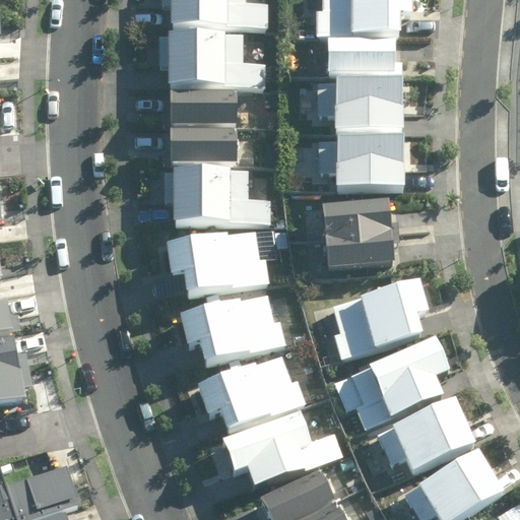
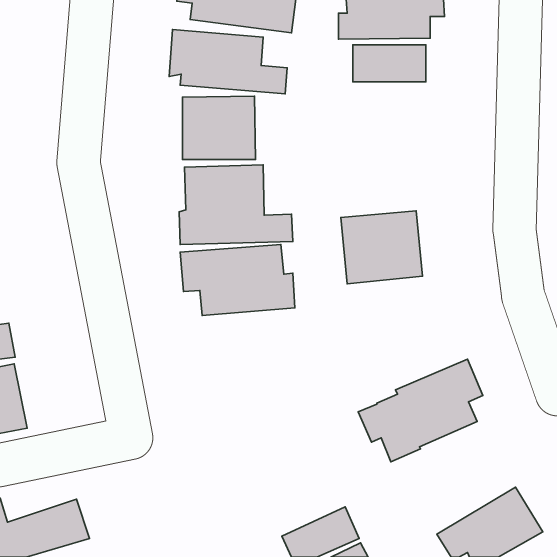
building: [317,82,401,132] -> none
building: [318,141,403,188] -> none
building: [332,282,426,363] -> none
building: [185,295,285,364] -> none
building: [197,356,309,430] -> none
building: [378,400,476,474] -> none
building: [222,411,340,484] -> none

